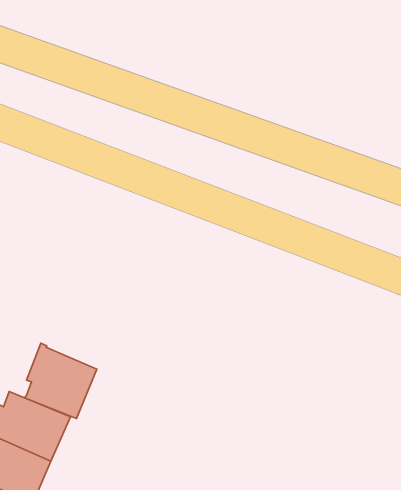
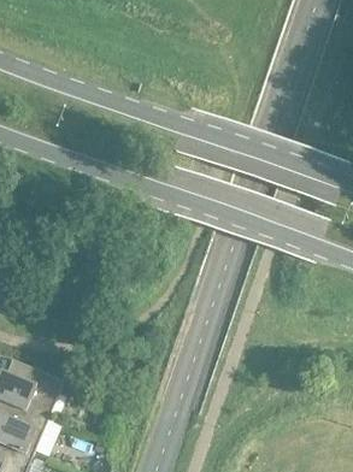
building: [24,343,97,419] -> none

